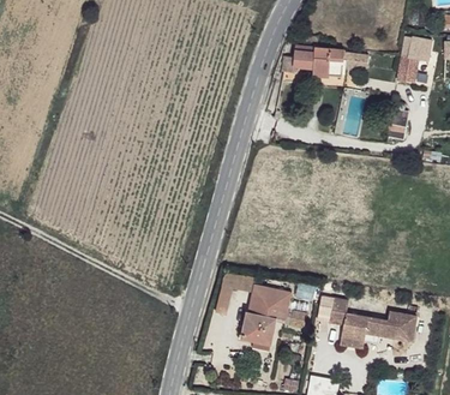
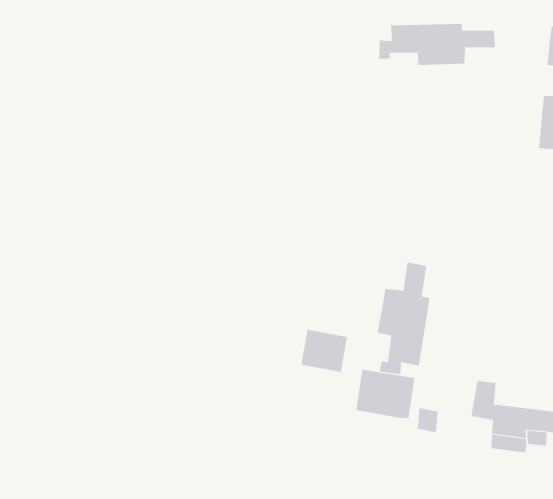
building: none -> [377,262,430,375]
building: [242,307,276,339] -> [300,329,348,373]

